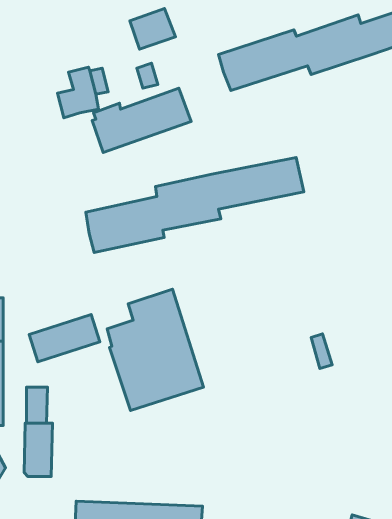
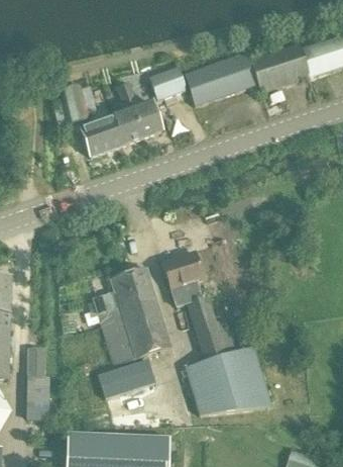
building: [130,8,175,49] -> [149,66,187,99]
building: [86,158,304,252] -> none
building: none -> [162,252,271,413]
building: [29,315,100,362] -> [98,358,155,396]

